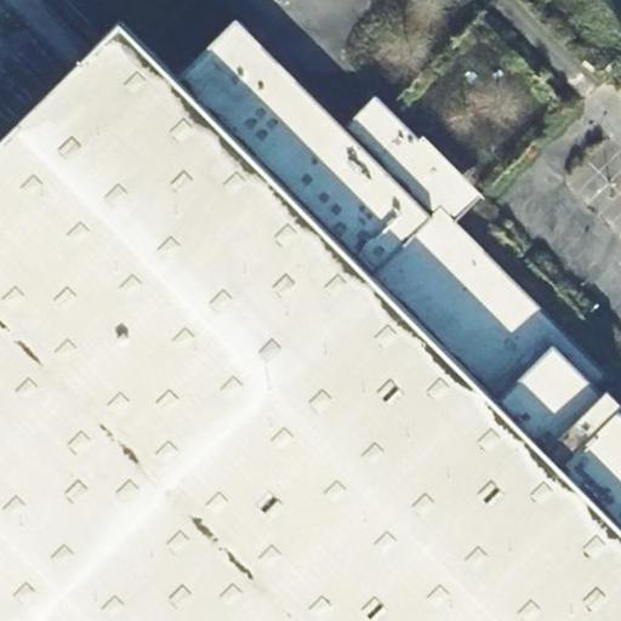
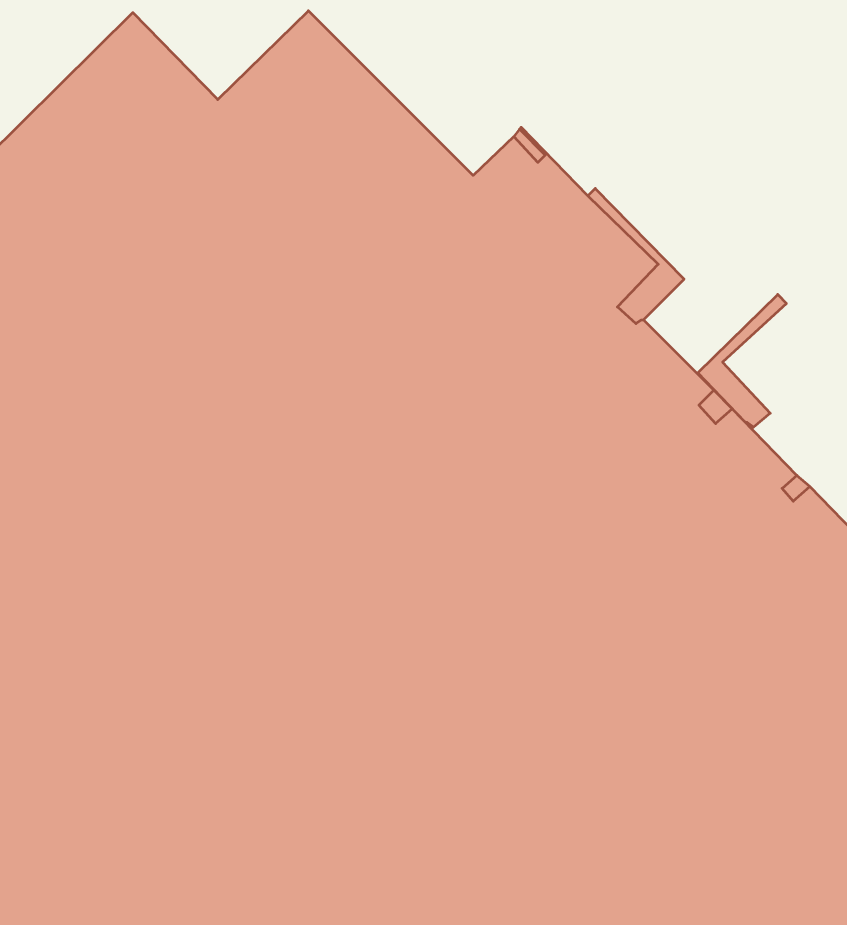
building: none -> [698,294,786,427]

